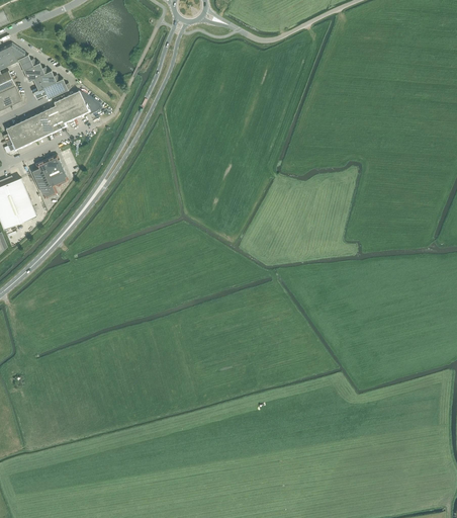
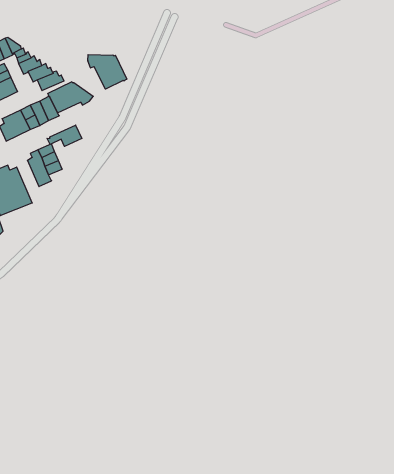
building: none -> [88,55,127,89]
building: none -> [47,125,82,146]

